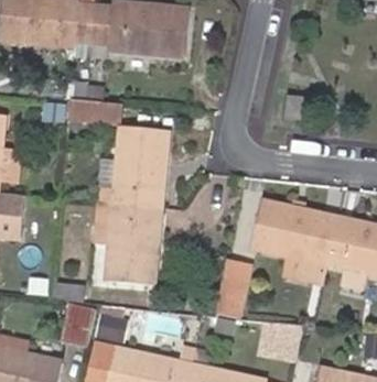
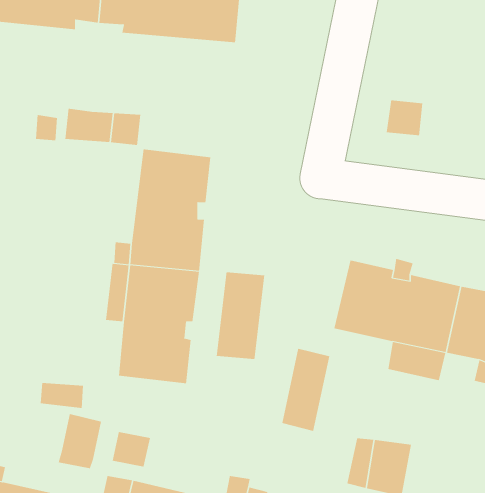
building: none -> [216,272,265,360]

